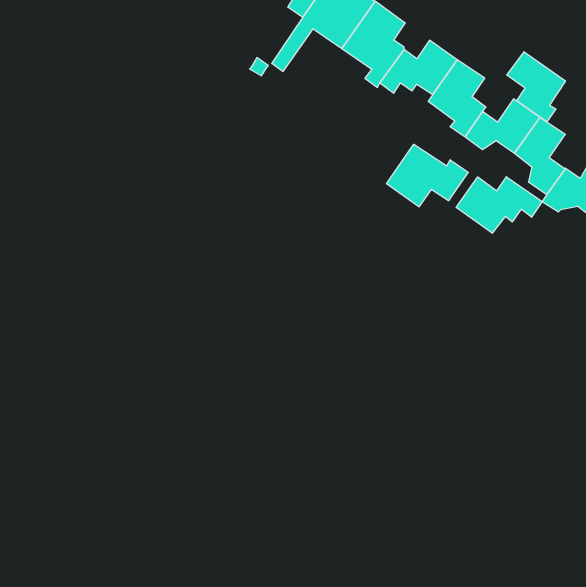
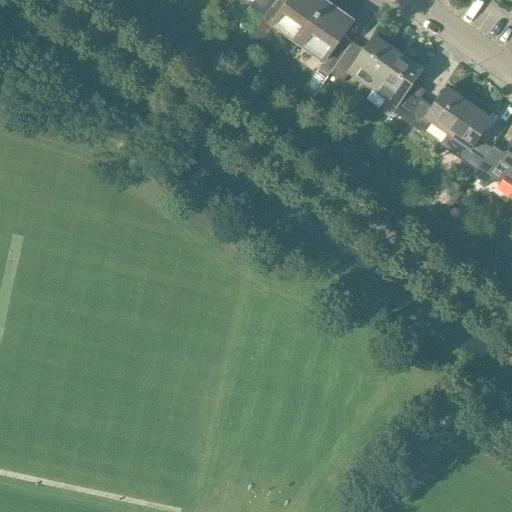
building: [507,52,565,122] -> none
building: [387,144,468,207] -> none
building: [456,177,542,233] -> none

